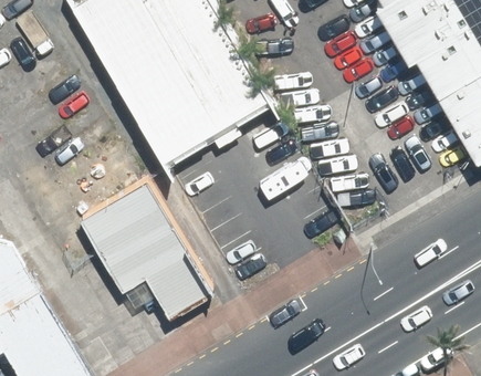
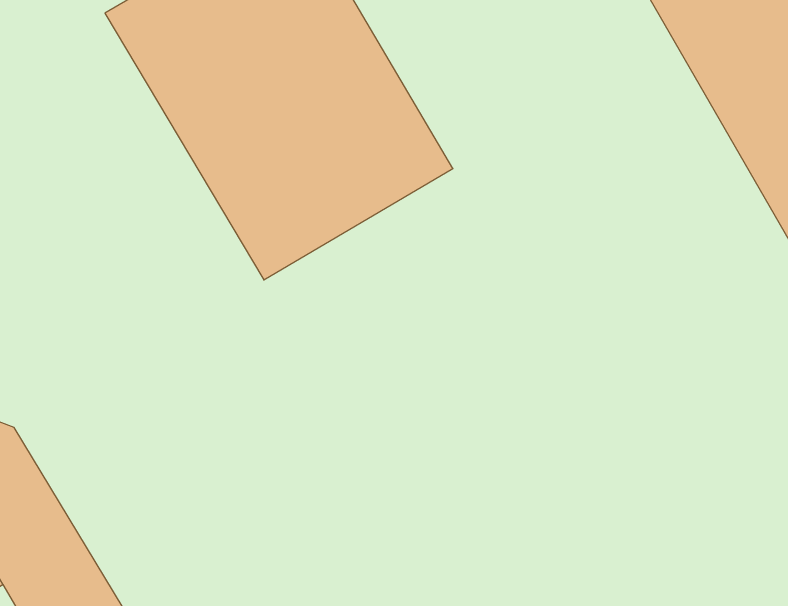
building: [80,184,212,324] -> none

